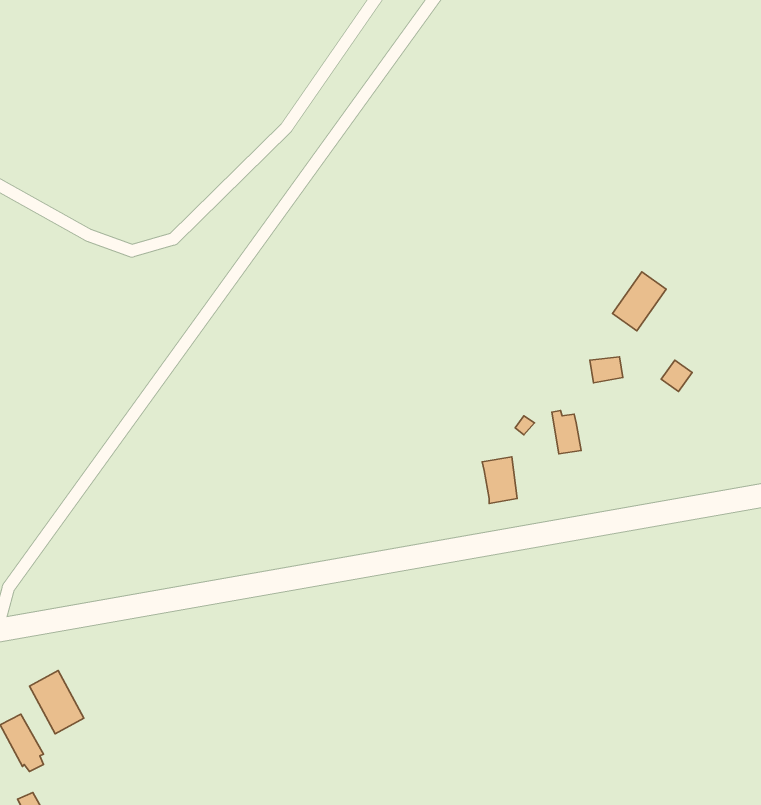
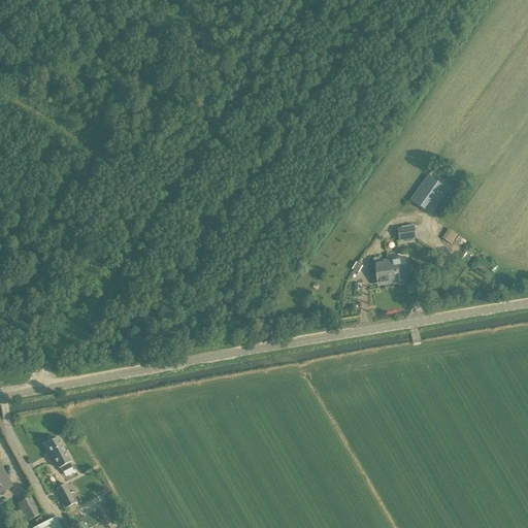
building: [482,457,517,504] -> [387,256,407,284]
building: [30,671,84,734] -> none

